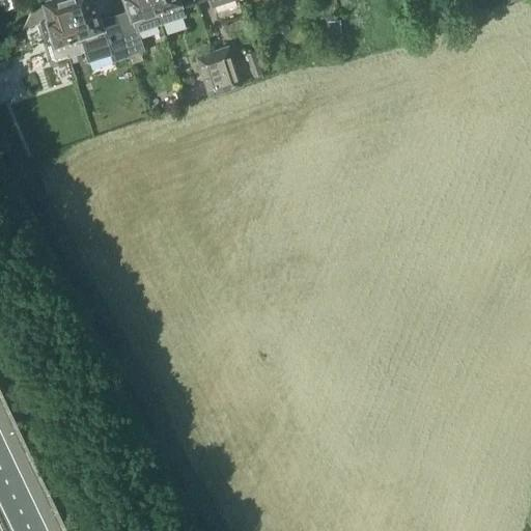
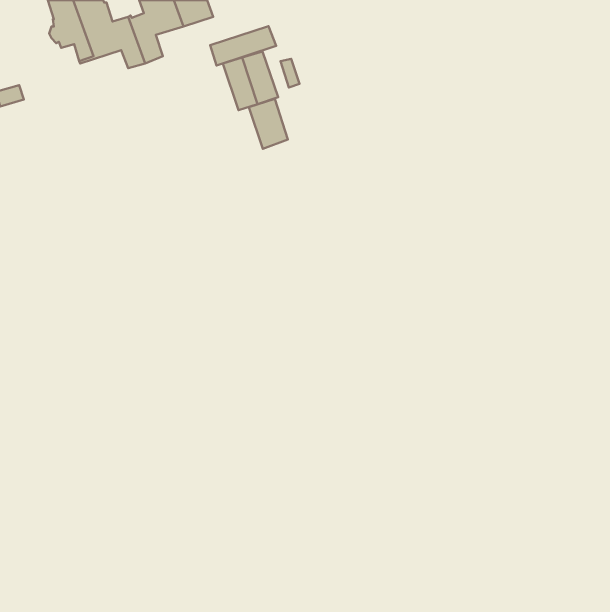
building: none -> [210,26,276,66]
building: none -> [249,99,288,149]

